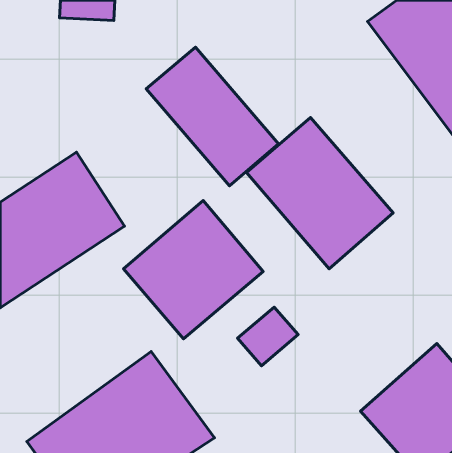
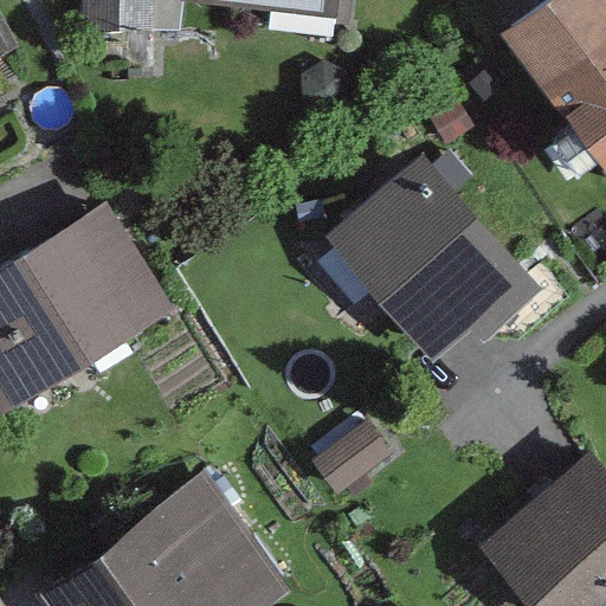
building: [146,47,278,186] -> none
building: [124,201,263,339] -> none

